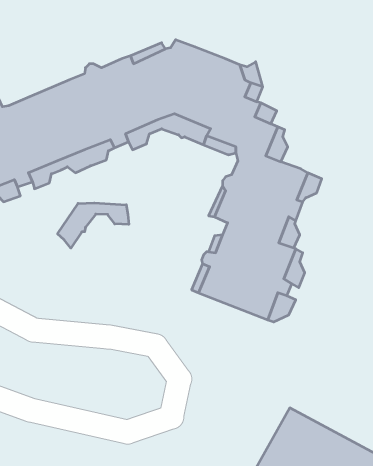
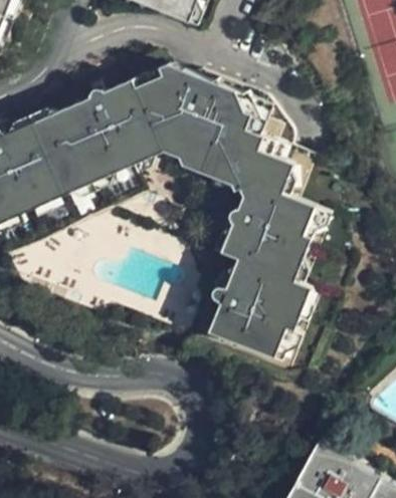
building: [58,203,129,248] -> none

